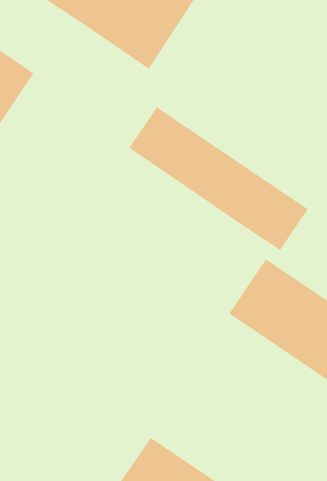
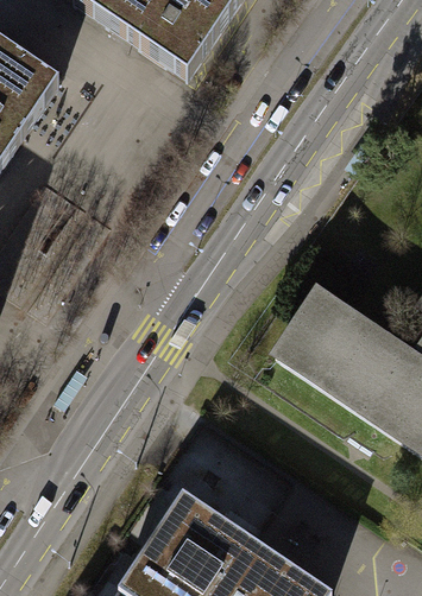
building: [128,106,309,251] -> none

